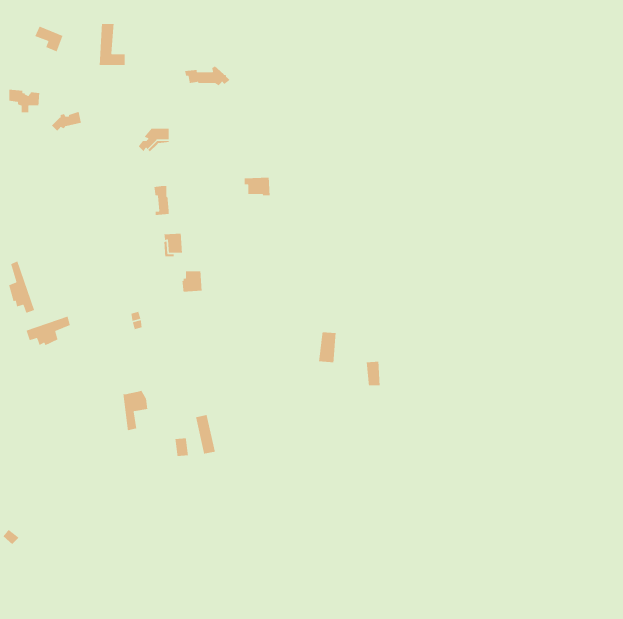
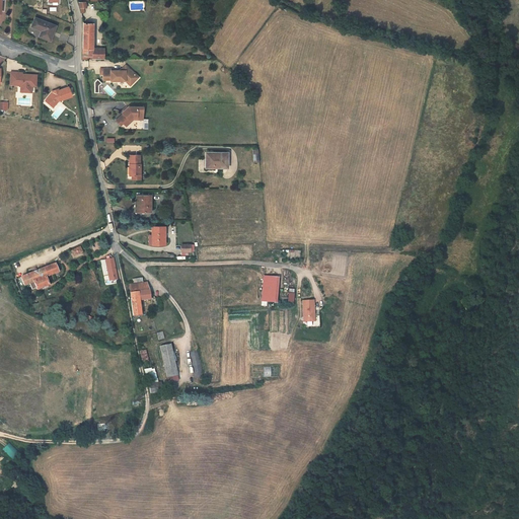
building: [184,65,231,86] -> [96,67,135,84]
building: [8,260,35,314] -> none
building: [122,390,148,431] -> [131,282,152,316]

